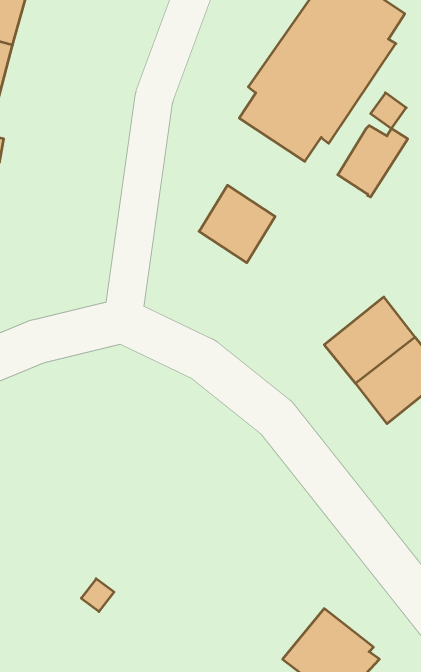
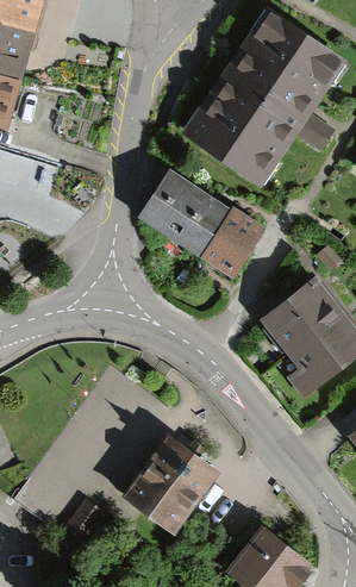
building: [338,126,408,197] -> [204,216,260,273]
building: none -> [142,175,188,230]
building: none -> [127,438,214,529]

